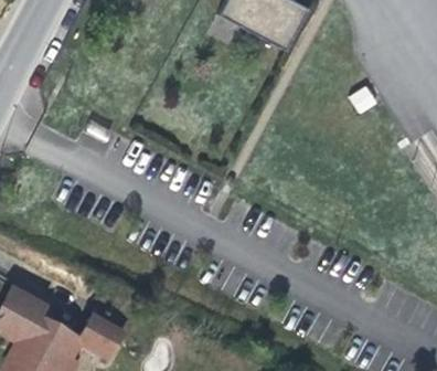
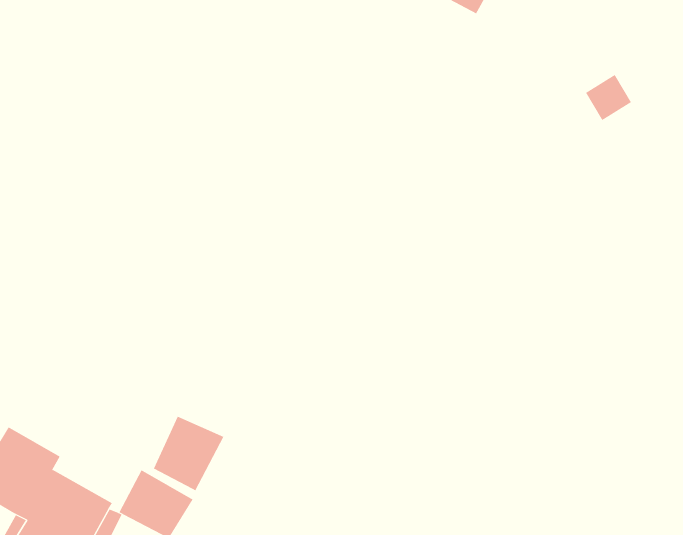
building: none -> [153,416,224,491]

